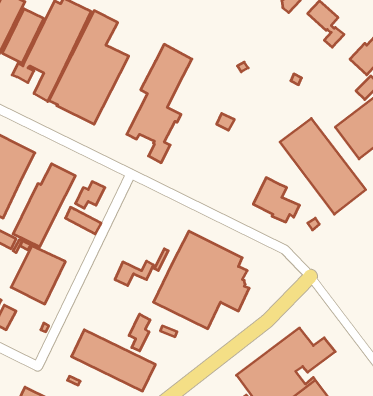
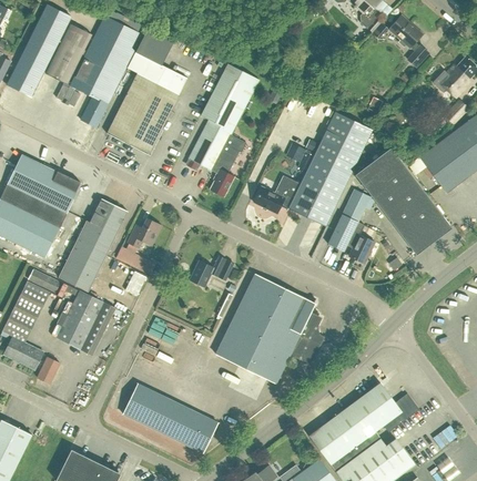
building: none -> [252,112,371,226]
building: none -> [341,190,372,222]
building: [115,261,153,286] -> [189,259,232,287]
building: [129,314,150,351] -> none

